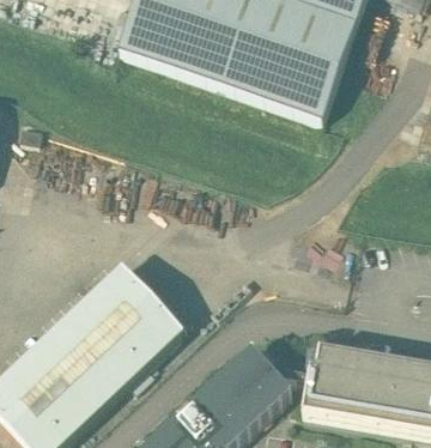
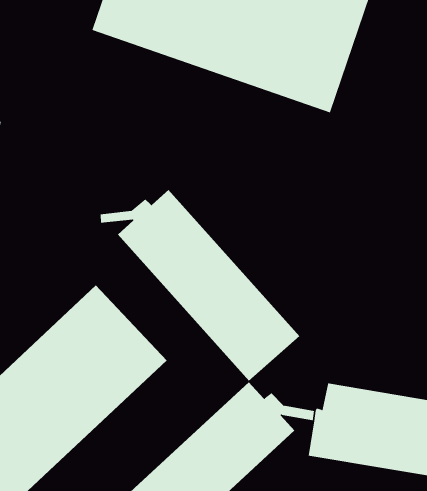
building: none -> [100,189,300,381]

